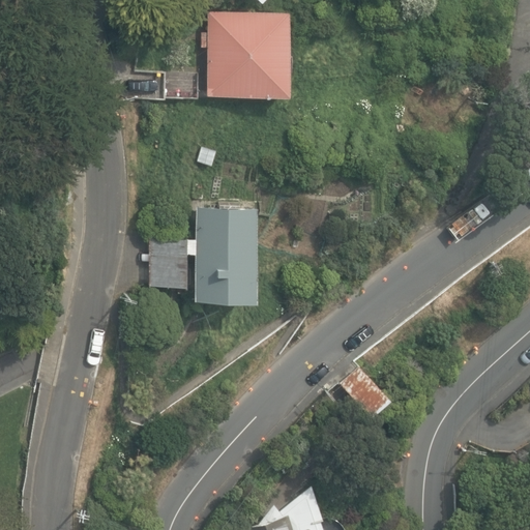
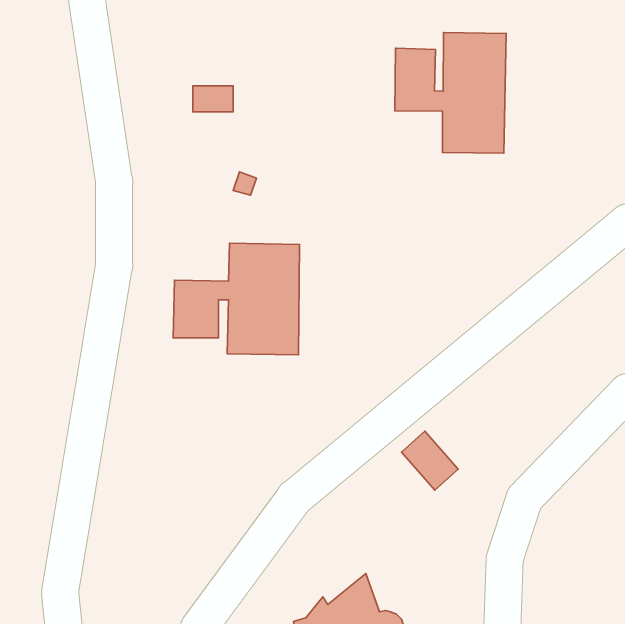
building: [209,13,291,98] -> none
building: none -> [395,33,506,153]

